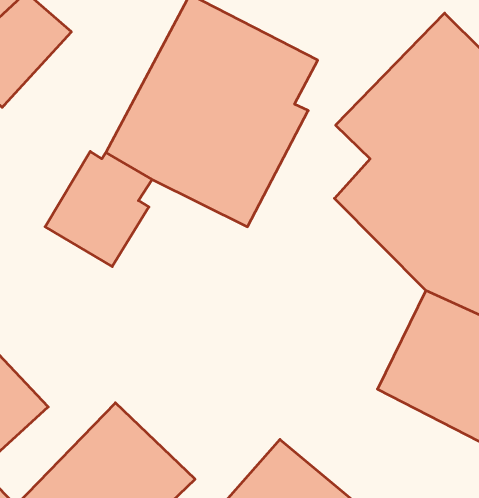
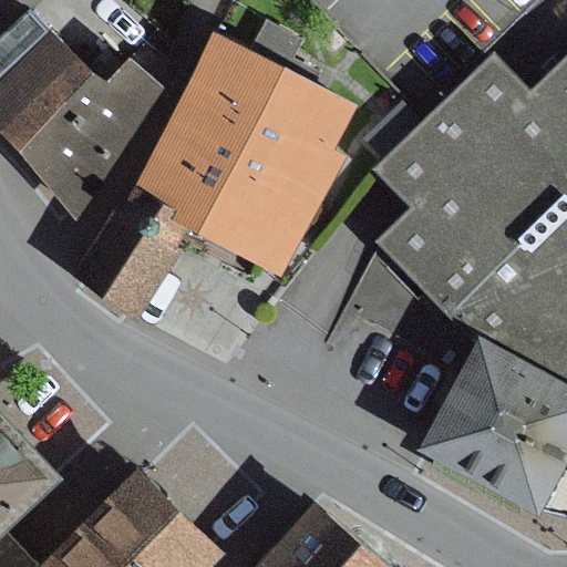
building: none -> [27,56,163,218]

